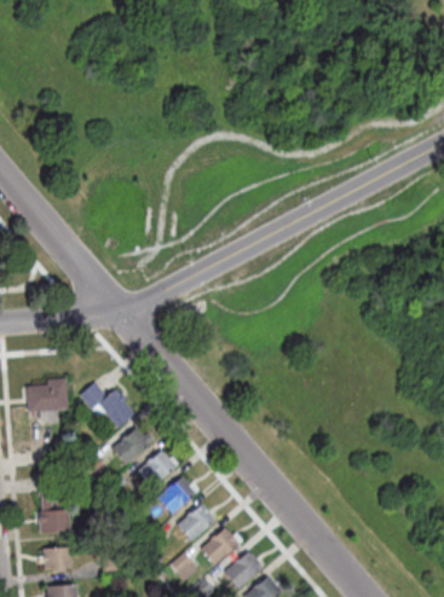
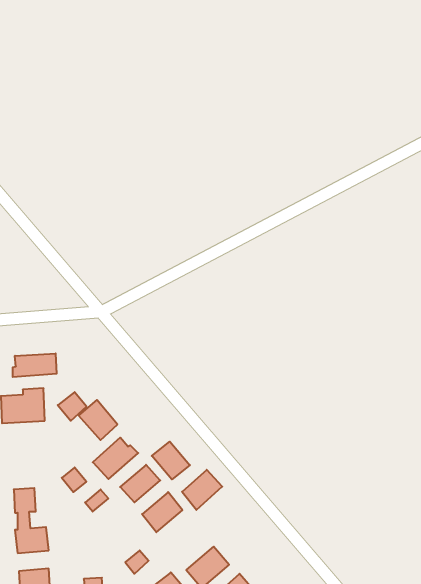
building: none -> [13,353,57,377]
building: none -> [152,442,190,479]
building: [178,504,215,541] -> [182,470,222,510]

